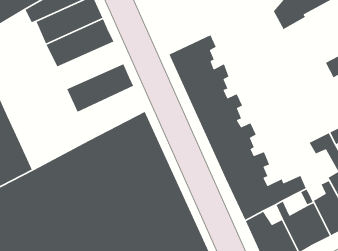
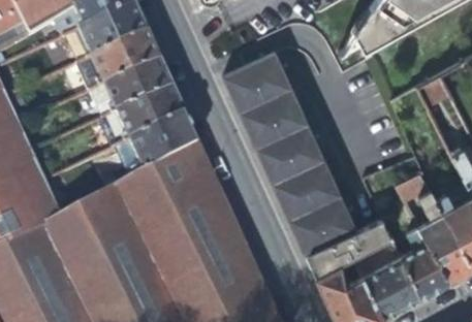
building: none -> [89,59,170,116]
building: none -> [114,112,196,178]

